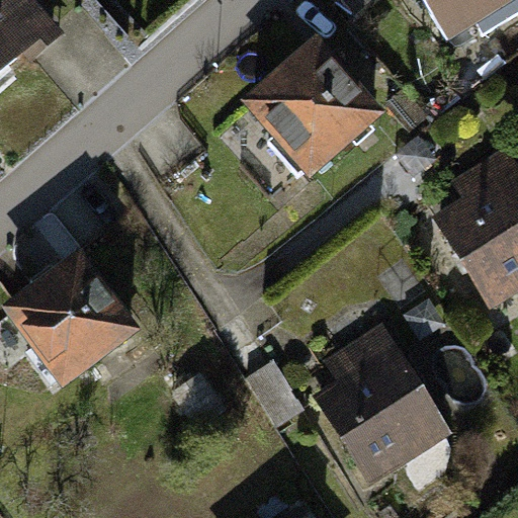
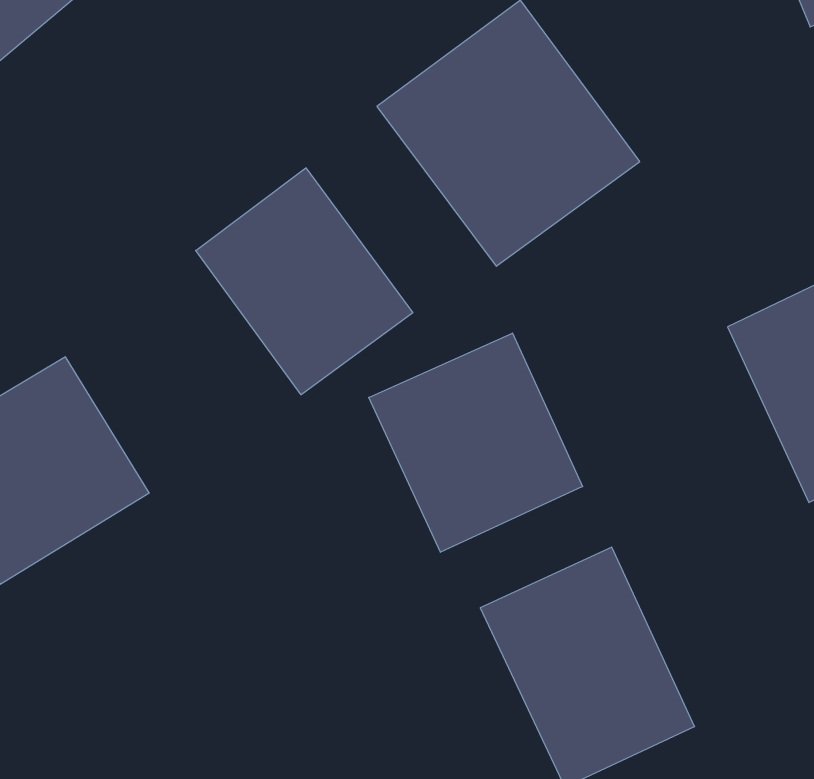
building: none -> [196,168,413,395]
building: none -> [369,333,583,552]

